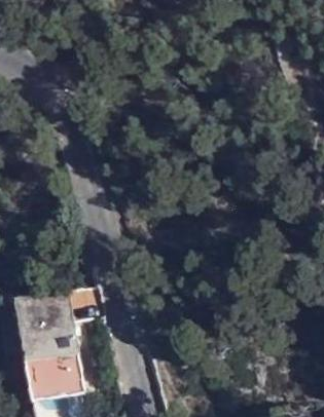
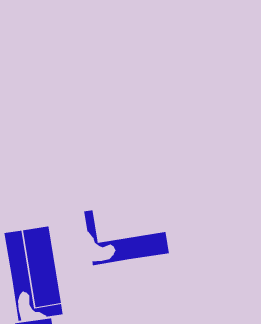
building: none -> [84,210,170,266]

